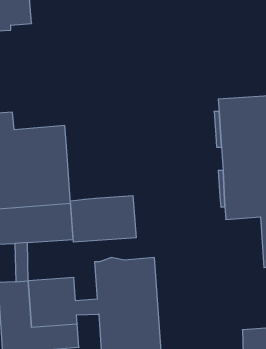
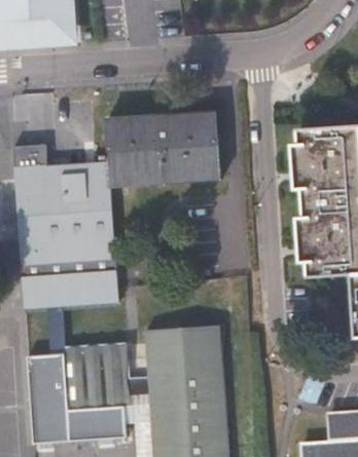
building: none -> [105,113,220,188]
building: [70,196,136,242] -> none

